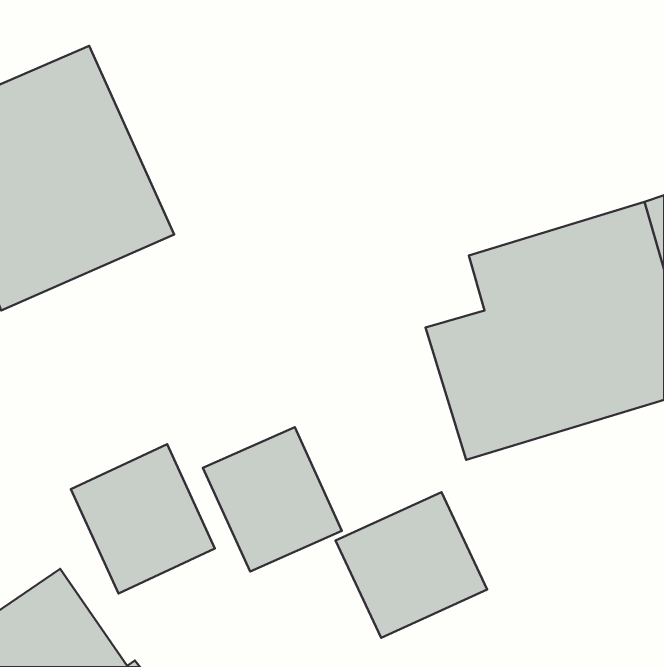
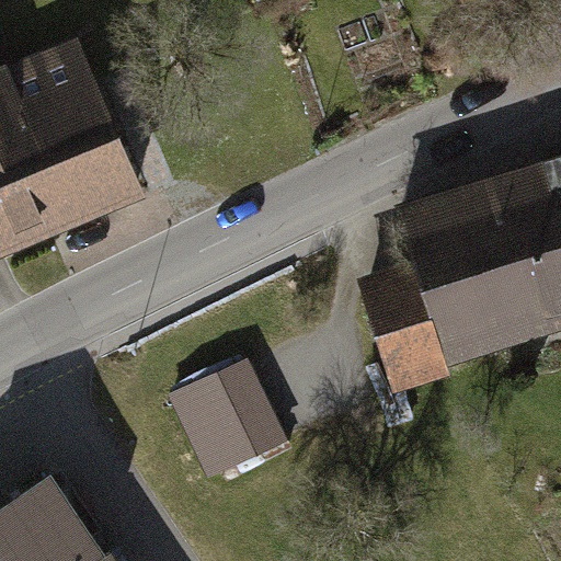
building: [71,444,215,594] -> none
building: [336,492,487,638] -> none

